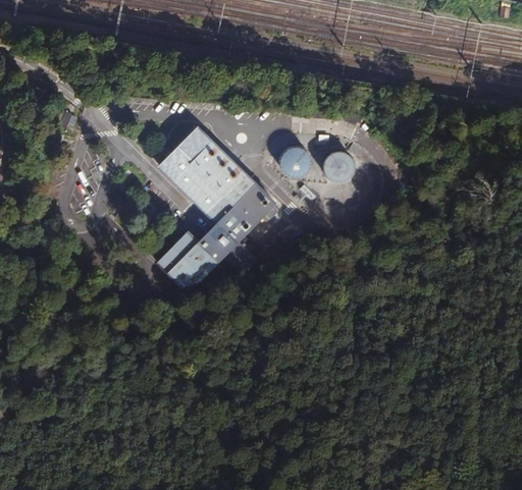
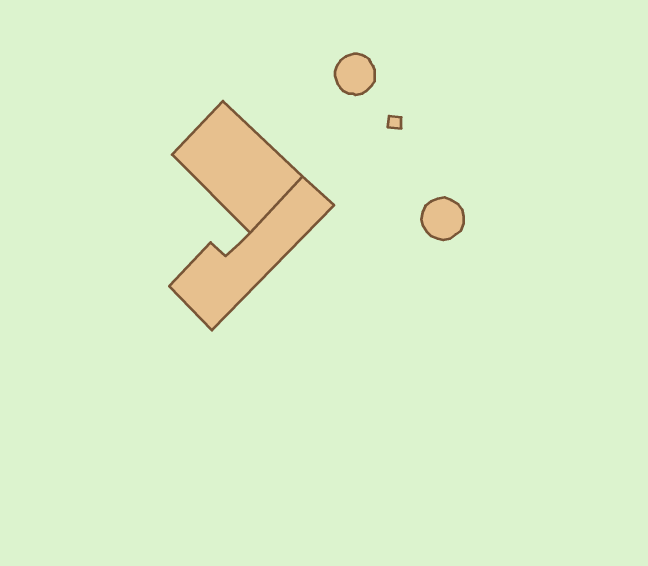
building: [282,146,312,176] -> [335,54,375,95]
building: [326,154,358,185] -> [421,197,464,240]

